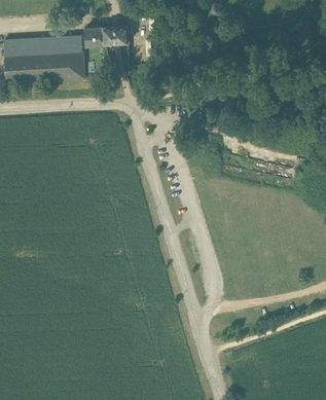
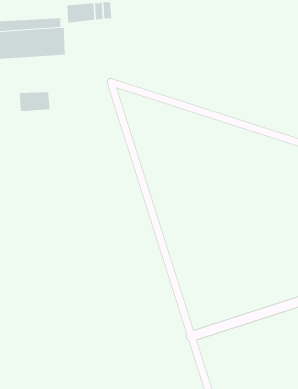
building: none -> [19,92,50,112]

